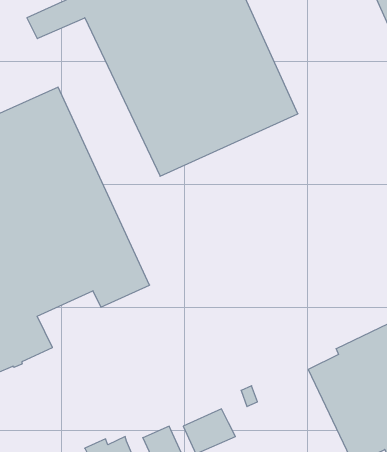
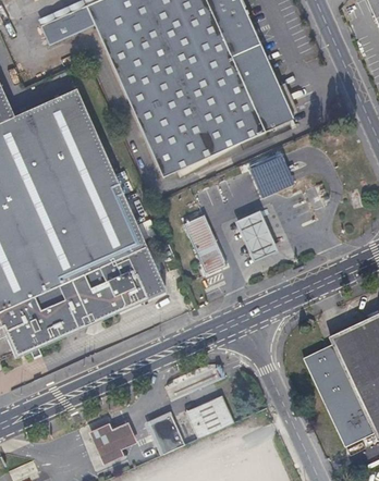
building: none -> [252,153,296,196]
building: none -> [234,208,277,260]
building: none -> [183,213,225,273]
building: none -> [49,277,161,336]

